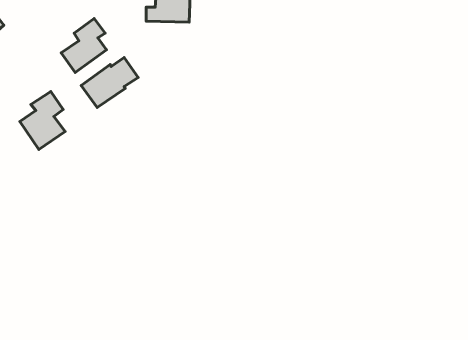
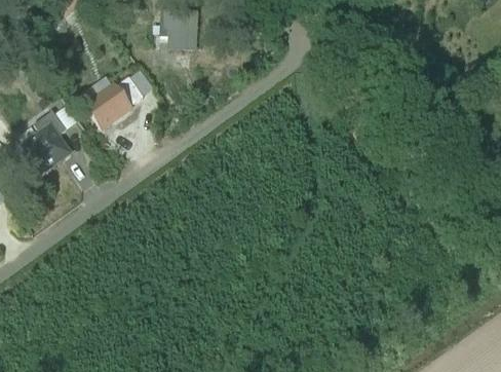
building: [61,19,106,72] -> none

